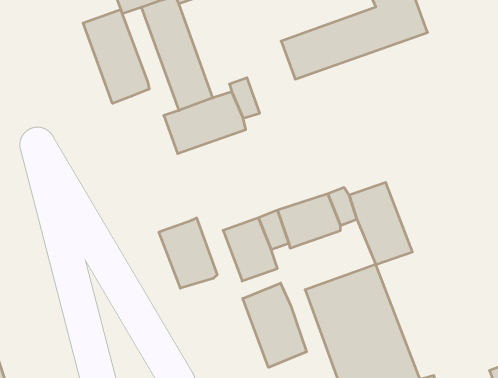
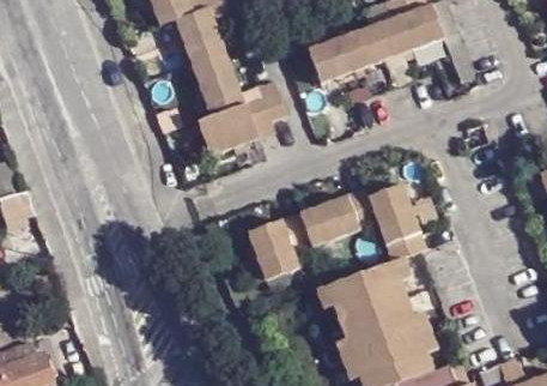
building: [83,9,149,103] -> none
building: [159,218,217,288] -> none
building: [243,283,306,367] -> none

